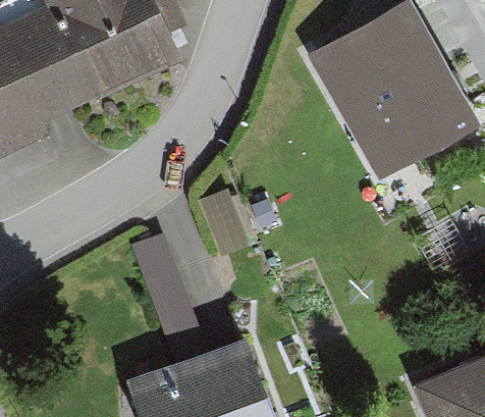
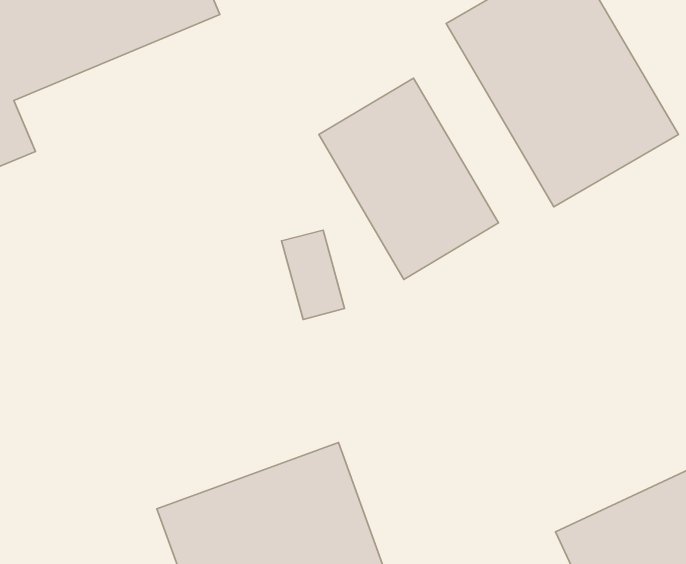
building: none -> [319,78,498,279]

